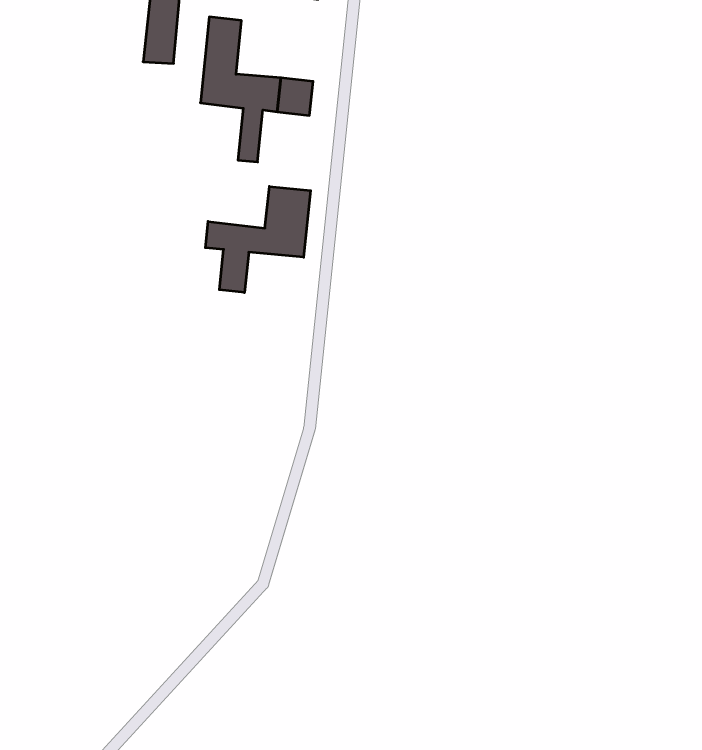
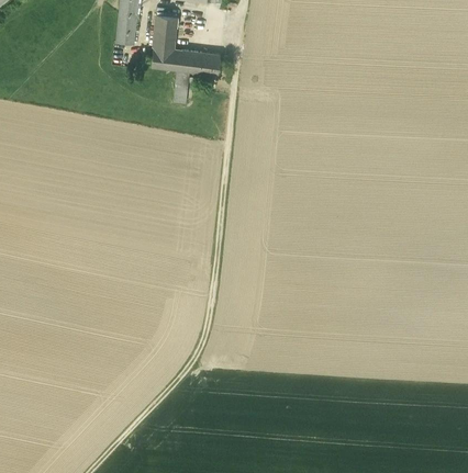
building: [205,186,311,293] -> none

